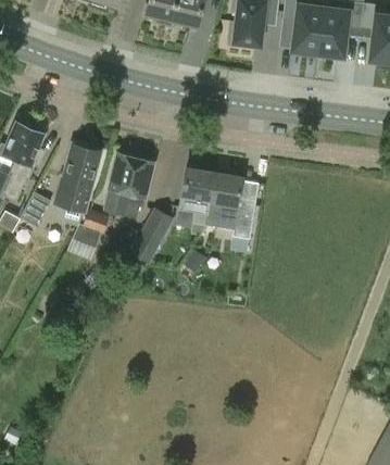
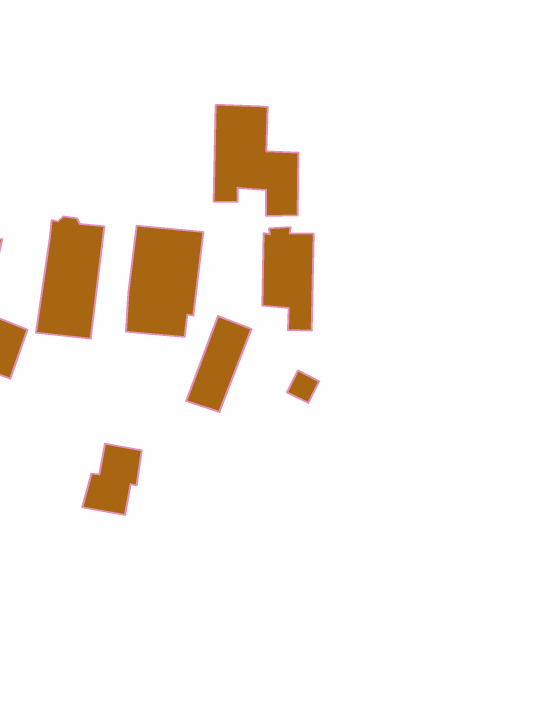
building: [205,172,255,238] -> [214,105,299,216]
building: [73,209,110,249] -> [82,444,142,515]

